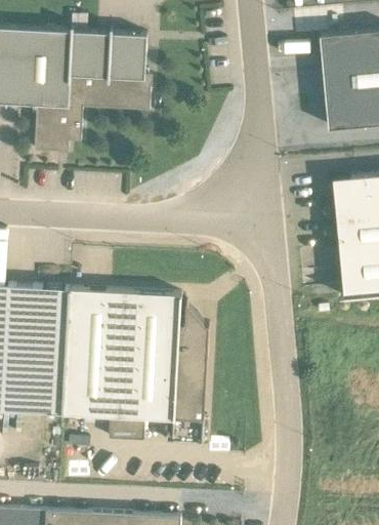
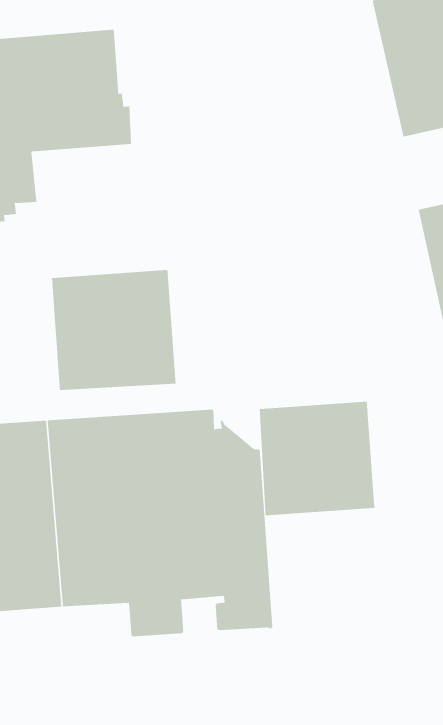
building: none -> [51,269,176,391]
building: none -> [259,401,375,516]

